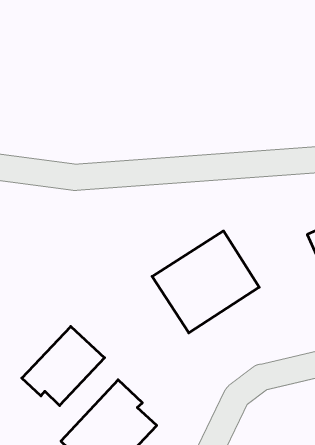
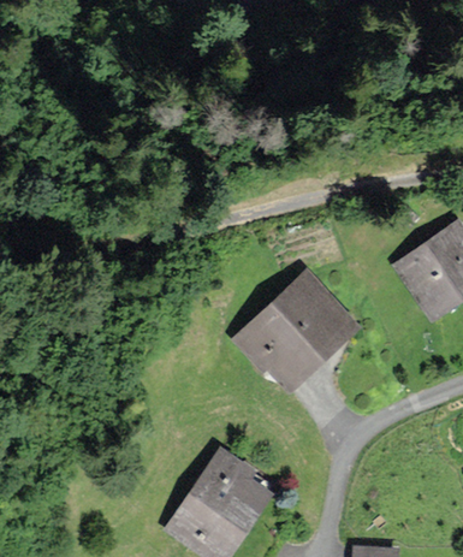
building: [22,326,105,406] -> none

